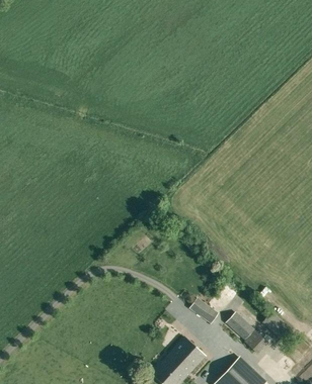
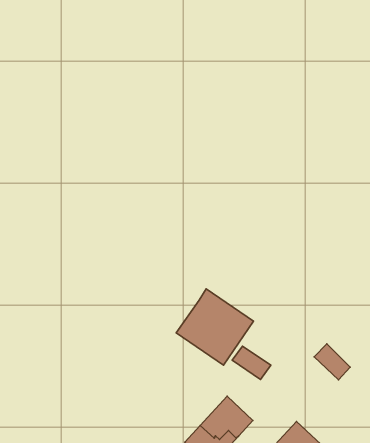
building: none -> [176,289,254,365]
building: [226,312,254,341] -> [314,344,350,380]

